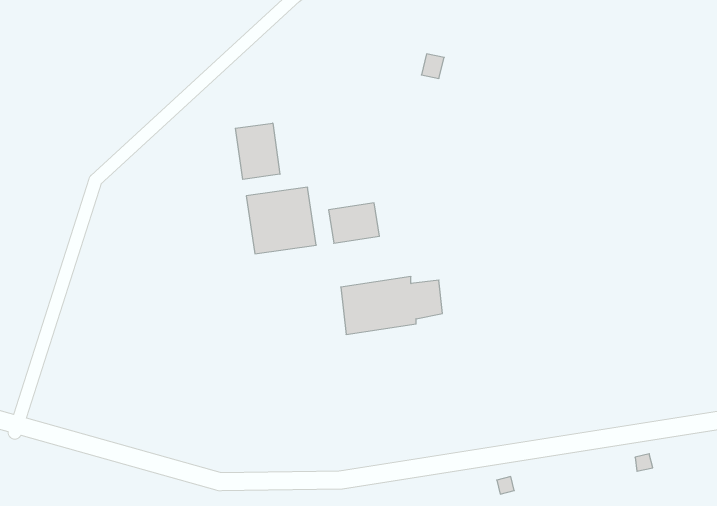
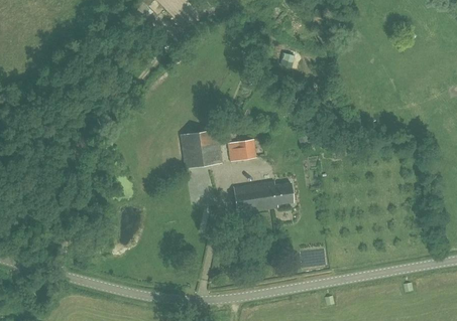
building: [235,123,280,179] -> none

